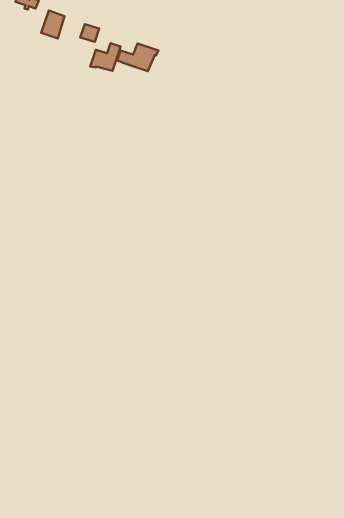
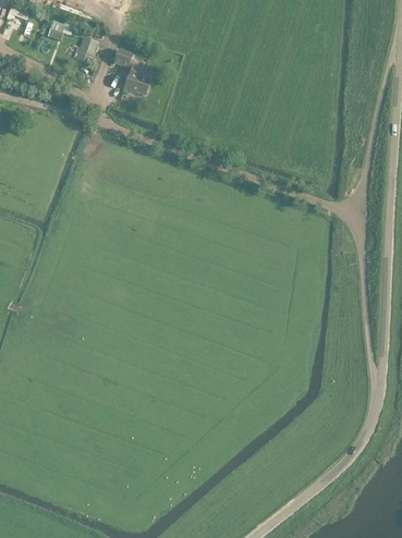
building: [117,43,159,71] -> none

